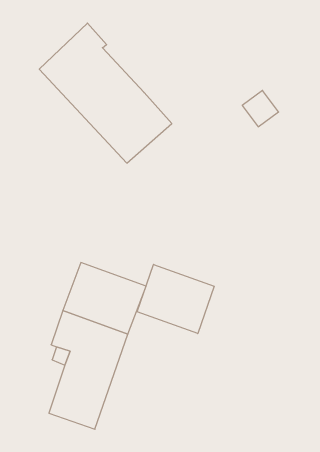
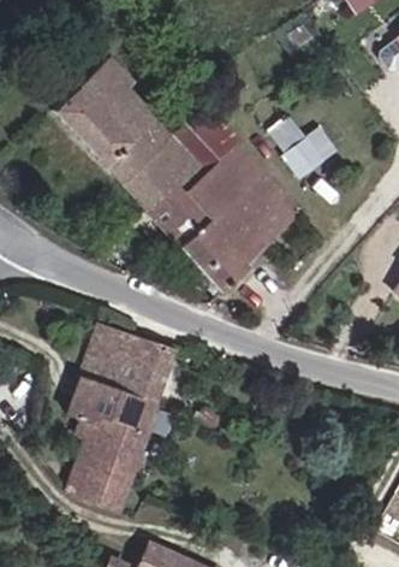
building: none -> [155,102,305,287]
building: [137,264,214,334] -> none

